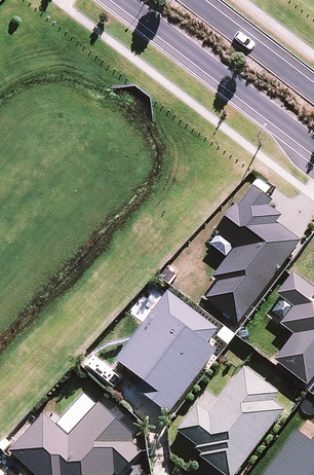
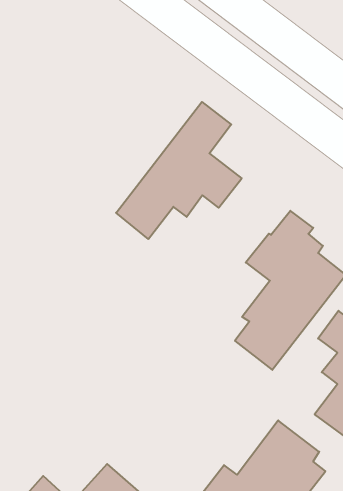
building: none -> [116,102,242,239]
building: [116,290,219,413] -> none

